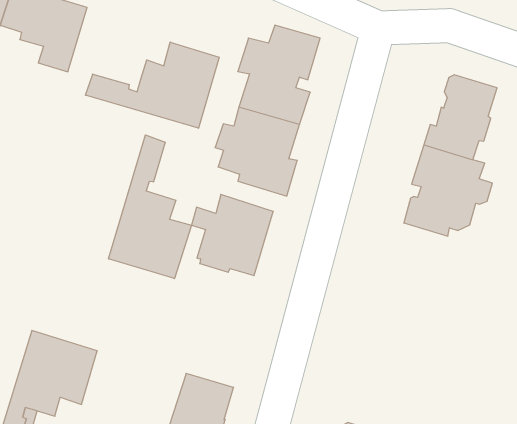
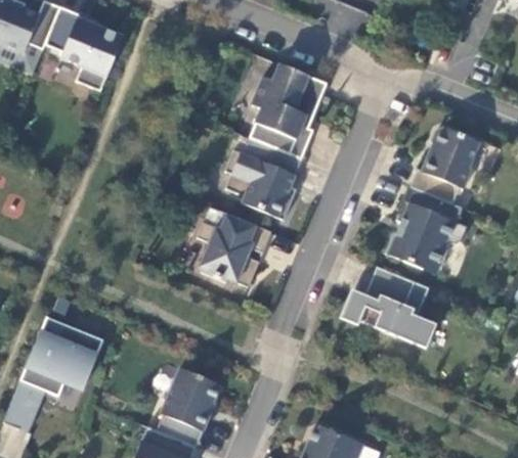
building: [85,42,219,128] -> none
building: [109,135,191,279] -> none
building: none -> [340,265,436,348]

